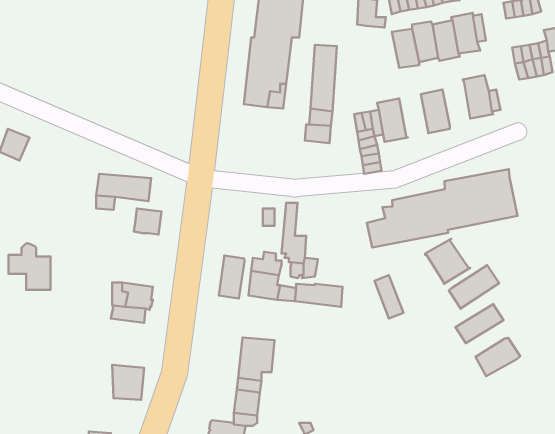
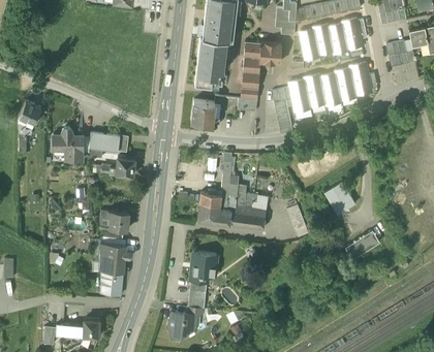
building: none -> [260,43,282,64]
building: none -> [337,69,358,100]
building: none -> [306,75,327,107]
building: none -> [192,100,222,125]
building: [367,169,517,248] -> none
building: [9,243,51,290] -> [54,128,84,161]
building: [219,256,244,298] -> none
building: [449,265,499,309] -> none
building: none -> [100,244,133,273]
building: [475,338,520,376] -> none

